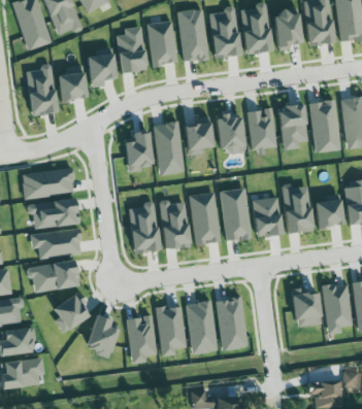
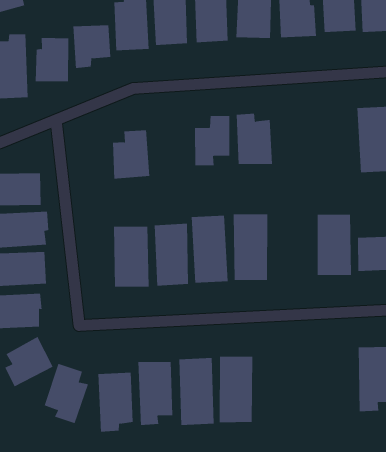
building: [279,104,309,149] -> none
building: [248,108,277,152] -> none
building: [154,122,185,175] -> none
building: [255,198,284,236] -> none
building: [293,288,324,327] -> none

